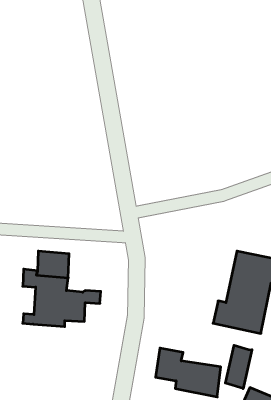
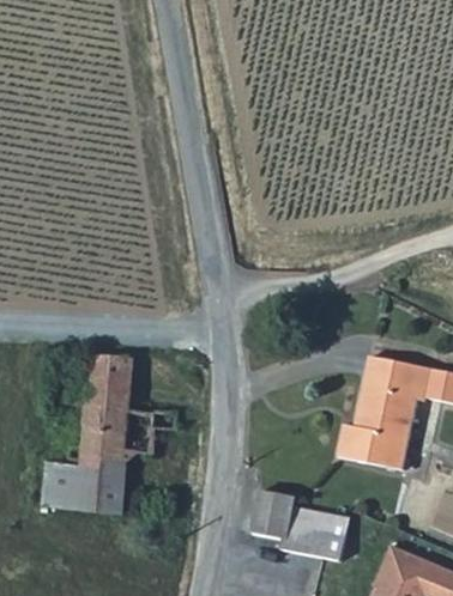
building: none -> [47,457,129,511]
building: [225,345,252,389] -> none

